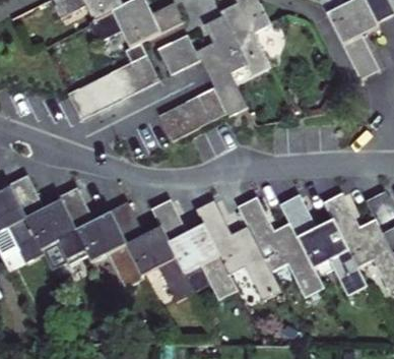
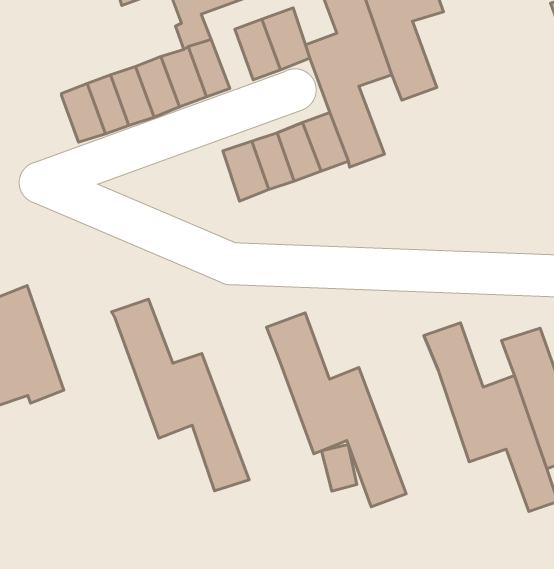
building: [58,186,142,288] -> none
building: [237,196,321,297] -> none
building: [150,198,234,299] -> none

